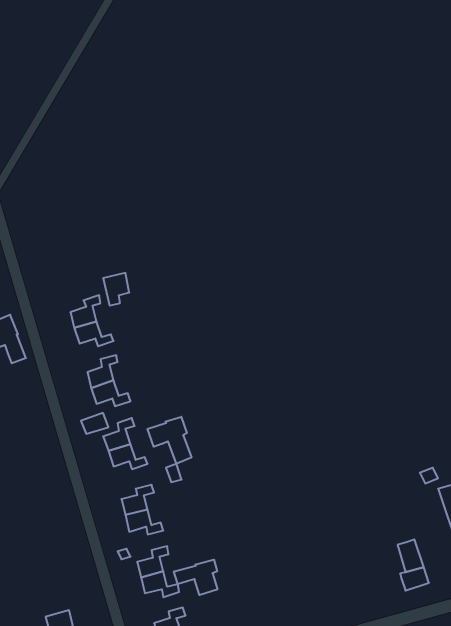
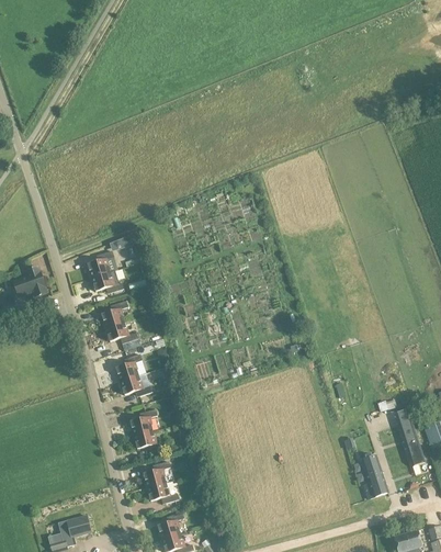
building: [147,417,191,464] -> none
building: [174,560,217,595] -> none

